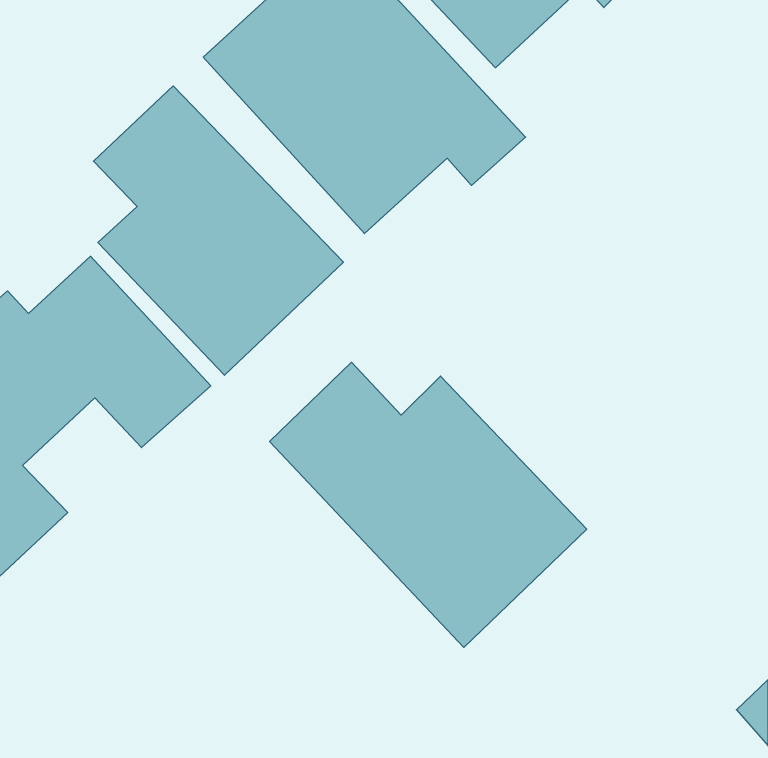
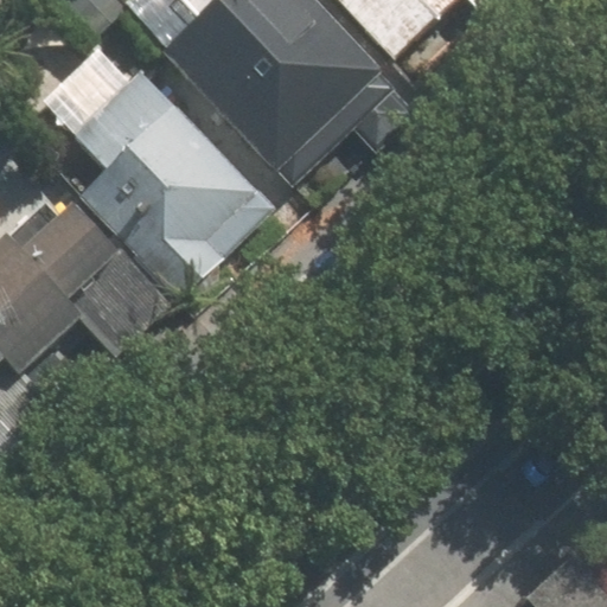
building: [270,362,587,647] -> none

